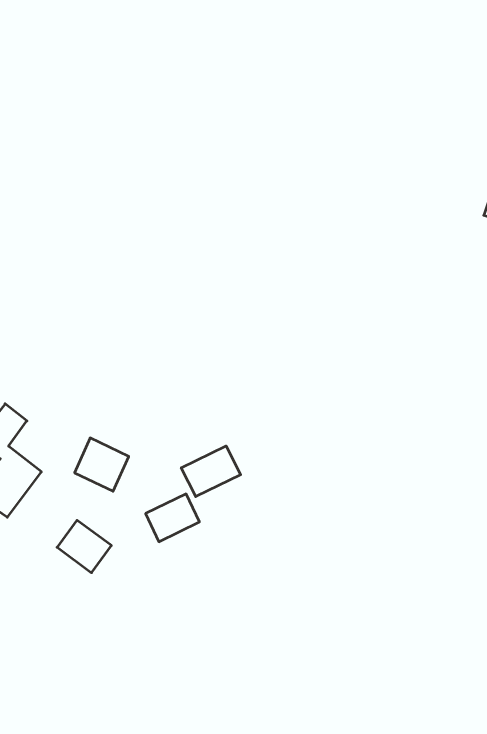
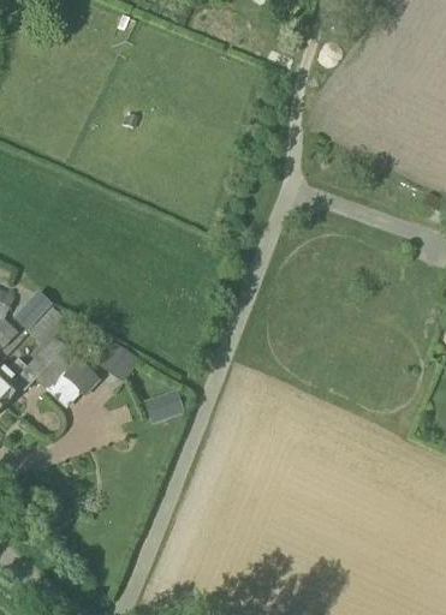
building: [181,446,241,497] -> none
building: [57,520,111,573] -> [64,356,103,395]

